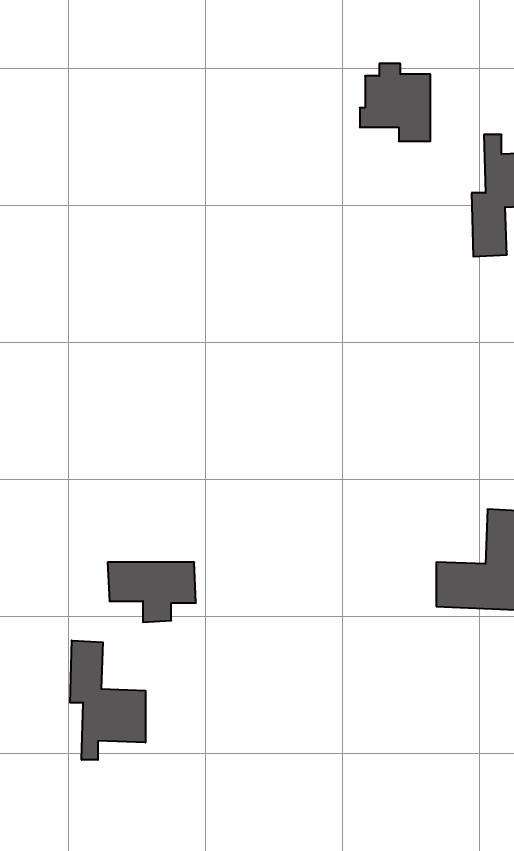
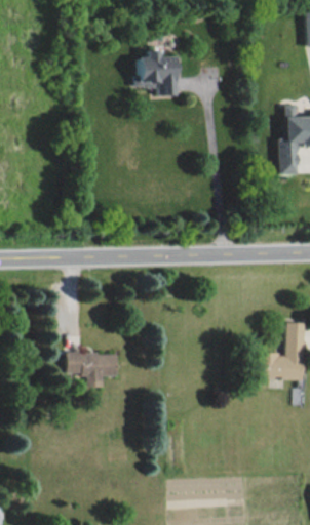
building: [360,64,430,141] -> [134,49,176,94]
building: [70,640,145,760] -> none

